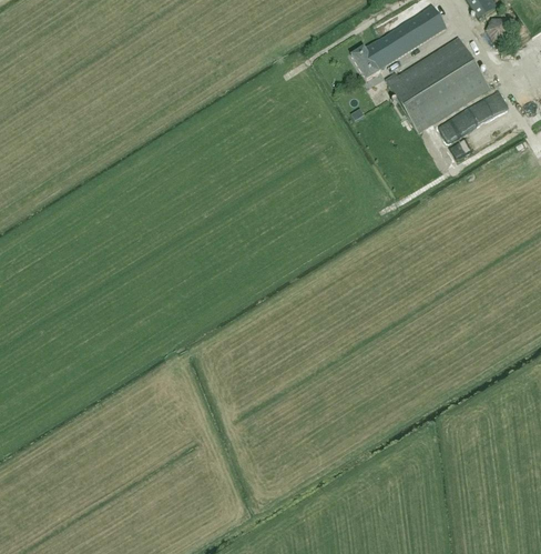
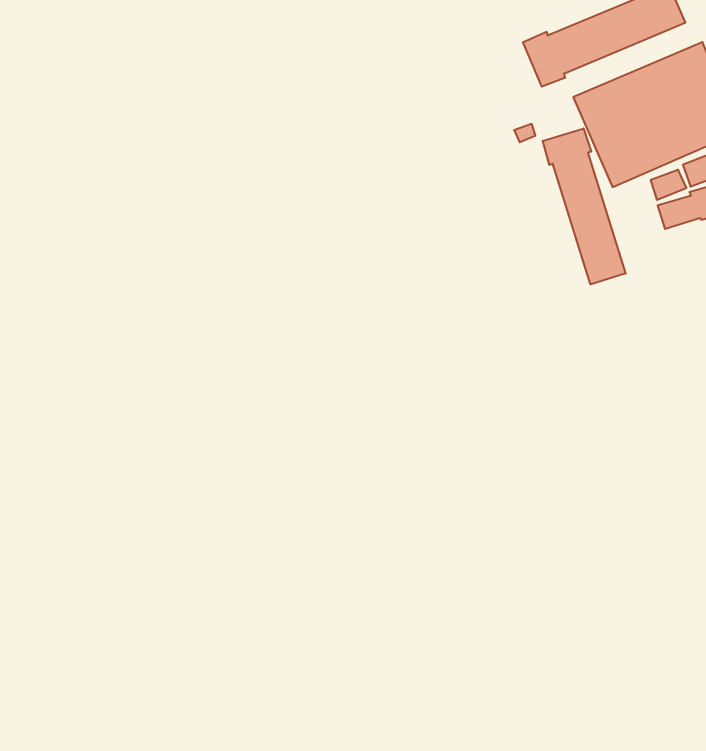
building: none -> [543,128,626,284]

